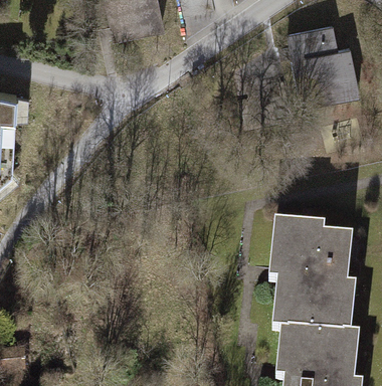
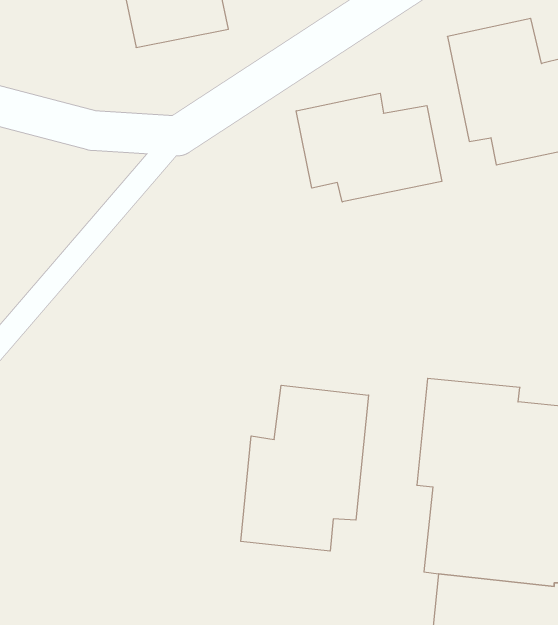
building: none -> [296,93,442,202]
building: none -> [241,385,369,551]

